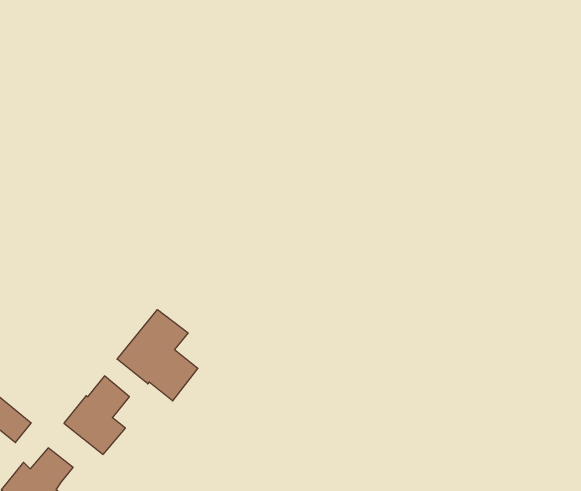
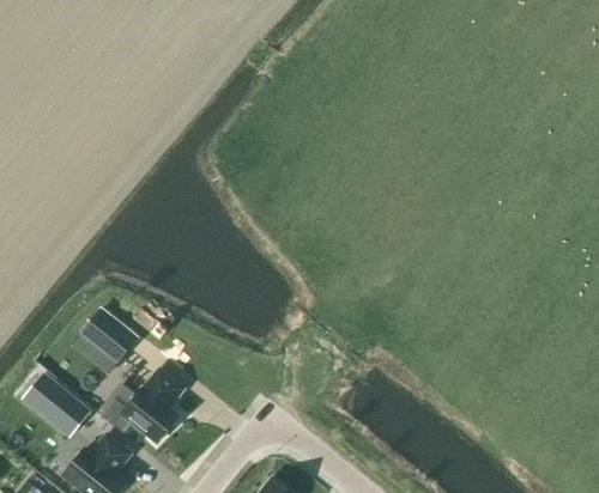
building: [117,310,198,401] -> none
building: none -> [79,312,132,364]

